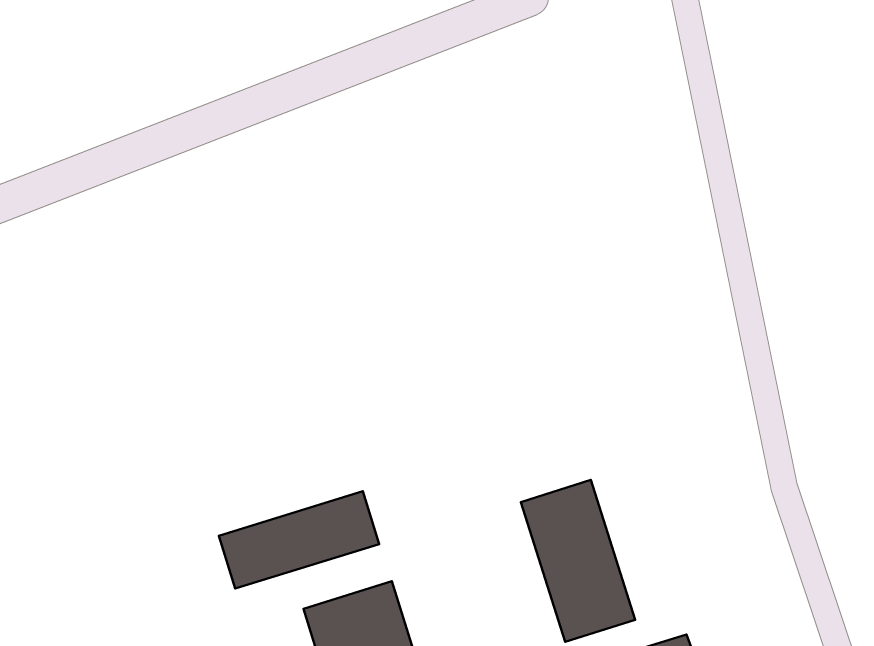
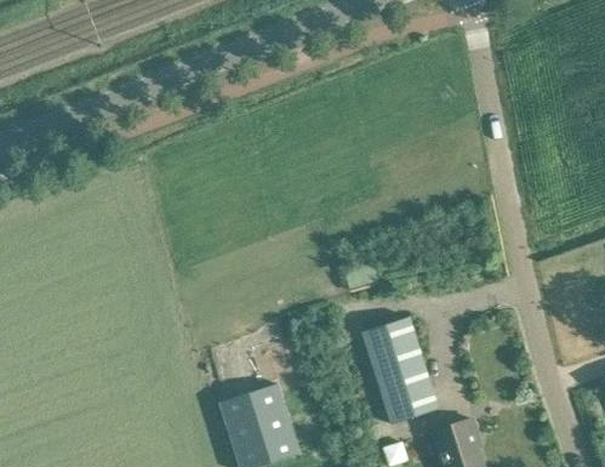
building: [219,491,379,589] -> none

